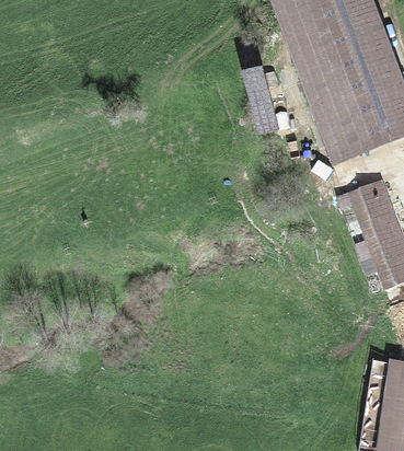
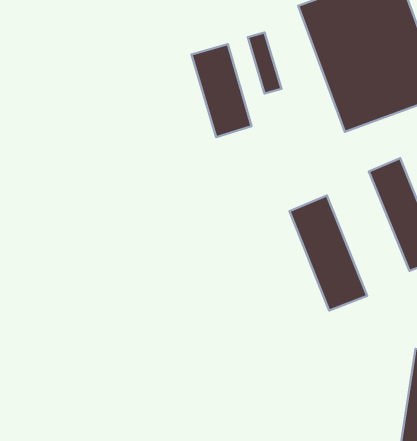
building: none -> [191,44,252,137]
building: none -> [290,196,367,311]

